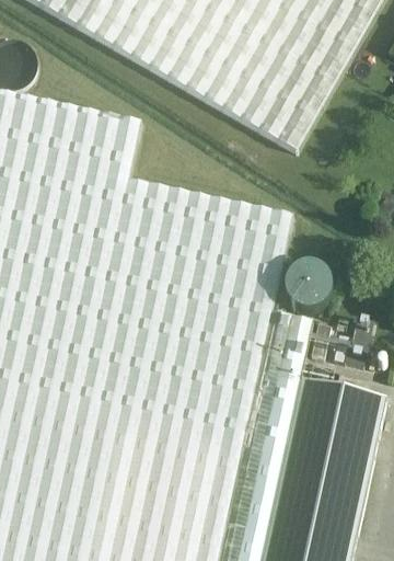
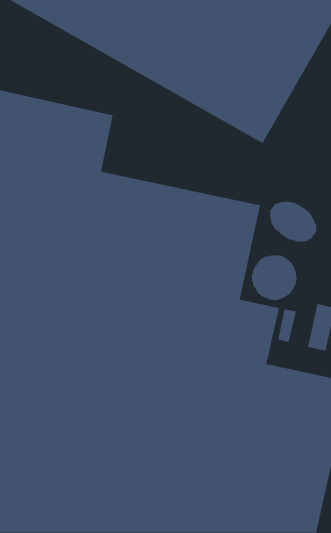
building: none -> [270,201,317,243]

